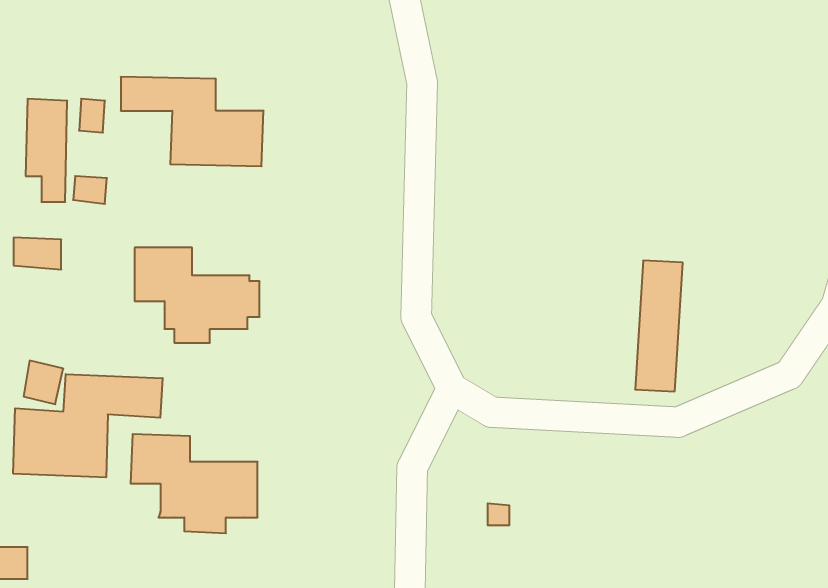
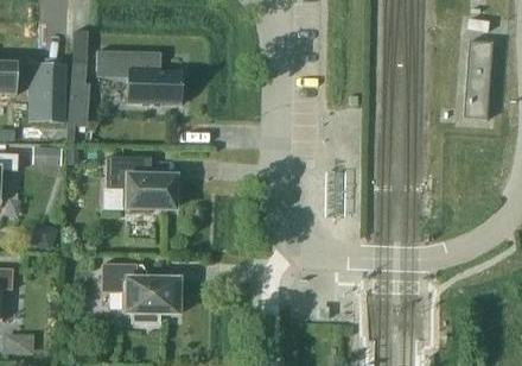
building: [635,261,683,391] -> [463,40,491,119]
building: [13,374,163,477] -> none

